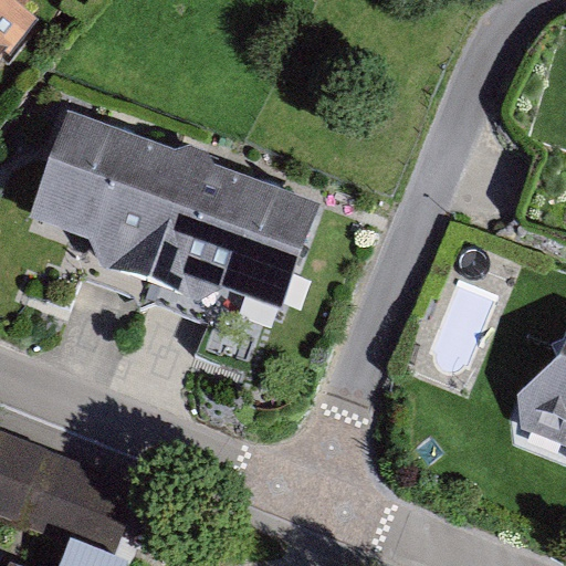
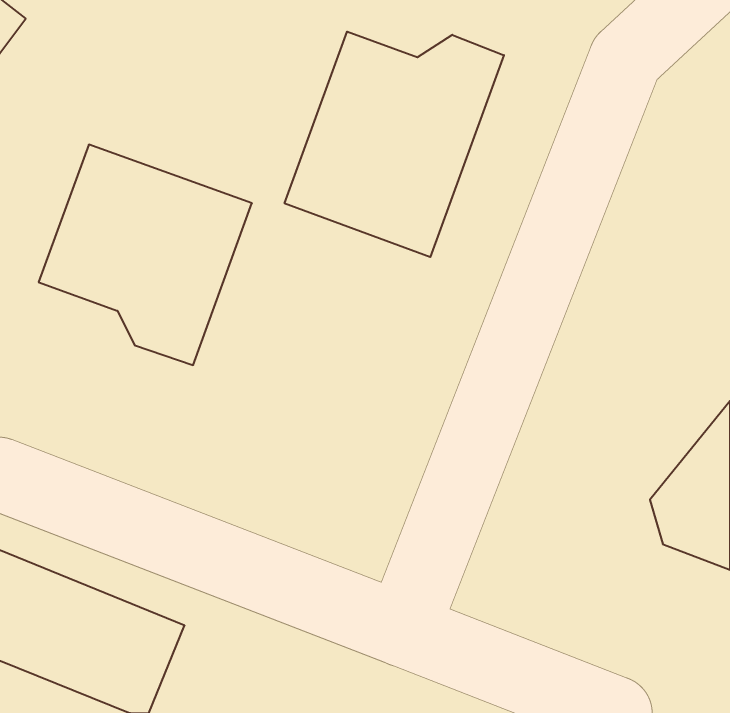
building: none -> [285,32,504,257]
building: [149,157,322,310] -> none

